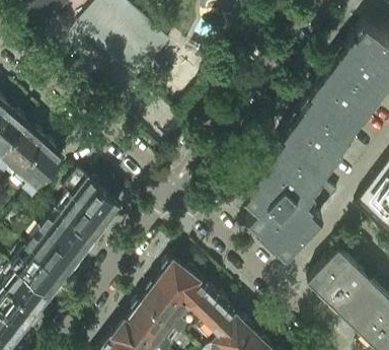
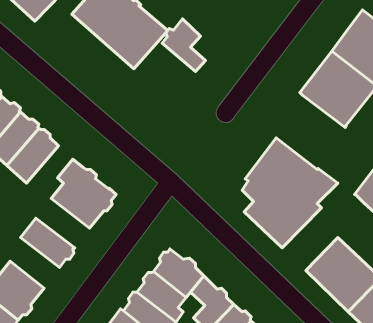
building: none -> [162,19,205,72]
building: [277,110,352,183] -> none
building: [44,211,96,260] -> none
building: [13,250,67,299] -> none

